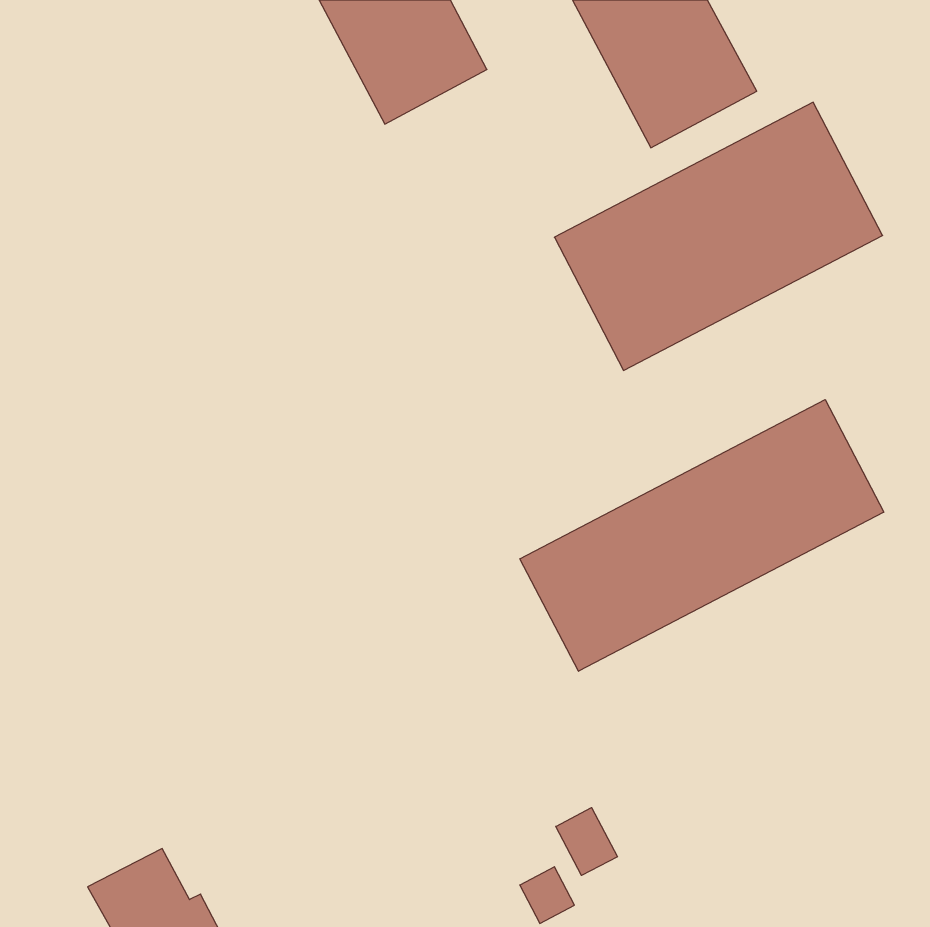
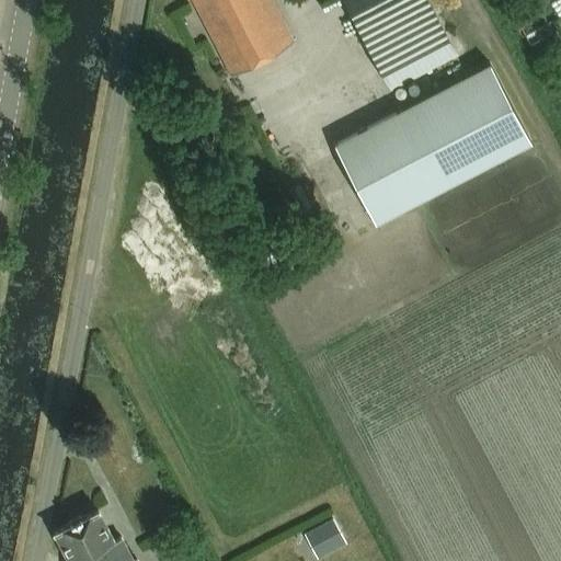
building: [520,400,884,671] -> none
building: [556,808,617,875] -> none

